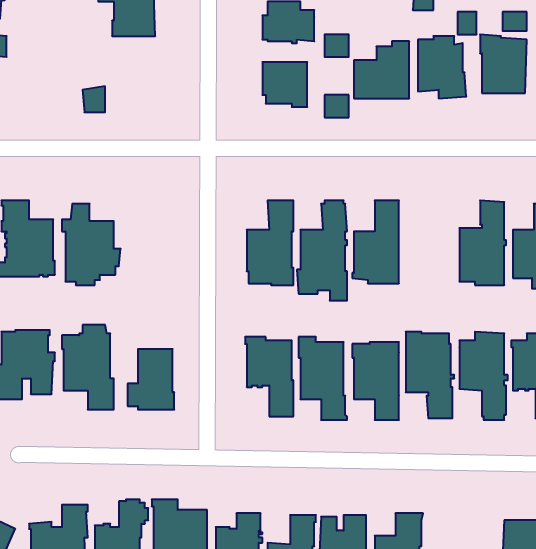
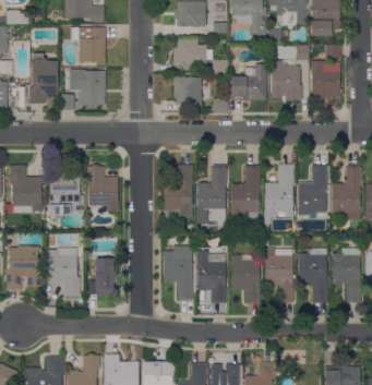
building: none -> [28,53,58,104]
building: none -> [77,71,106,107]
building: none -> [87,165,119,212]
building: none -> [264,165,296,217]

